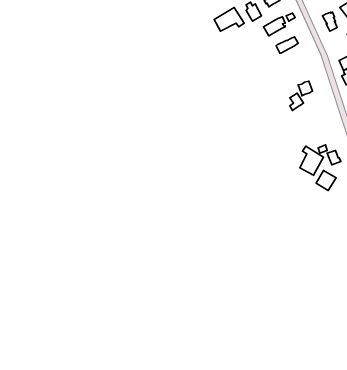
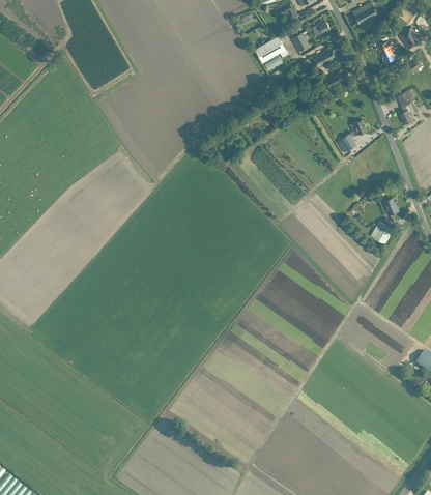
building: [300,146,324,175] -> none

